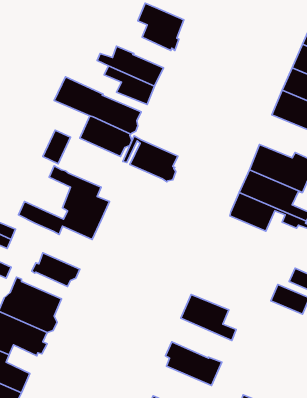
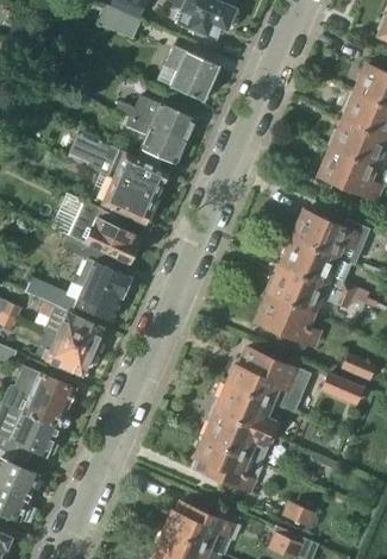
building: [123,136,178,182] -> [75,209,139,263]
building: none -> [258,293,319,344]
building: none -> [38,301,102,354]
building: none -> [226,346,311,412]
building: none -> [204,412,274,463]

